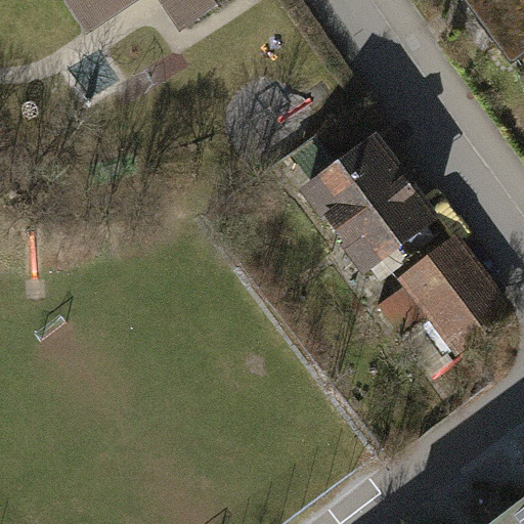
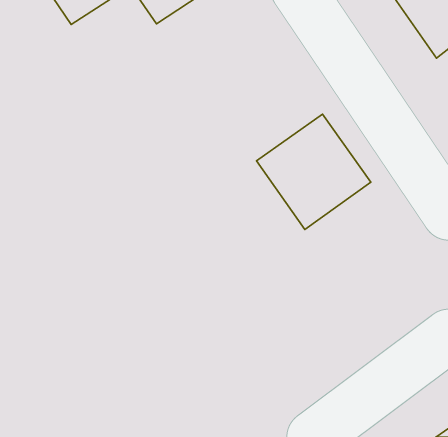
building: [400,231,508,339] -> none

